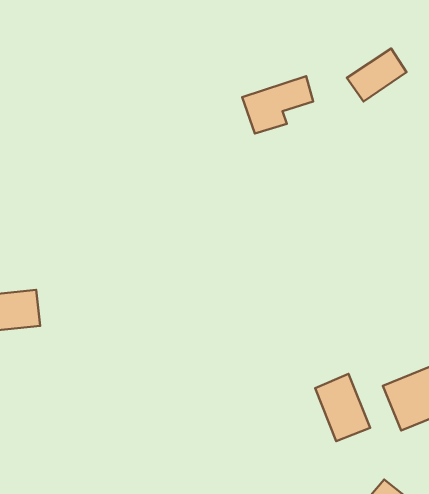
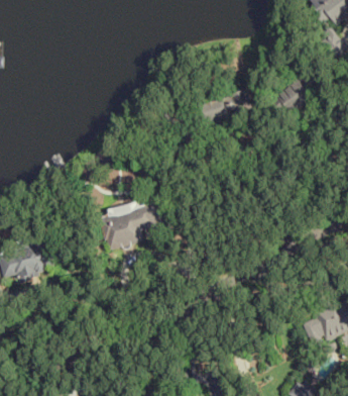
building: none -> [97,203,165,254]
building: [315,374,370,441] -> none

